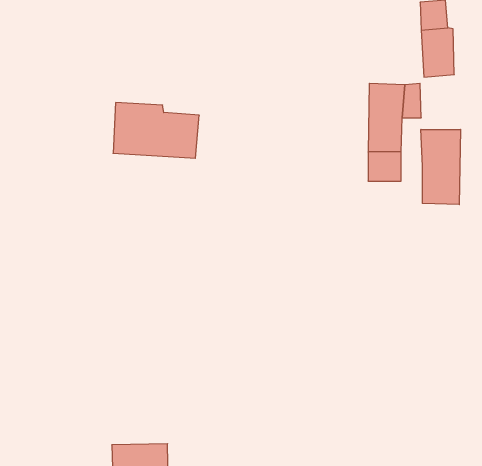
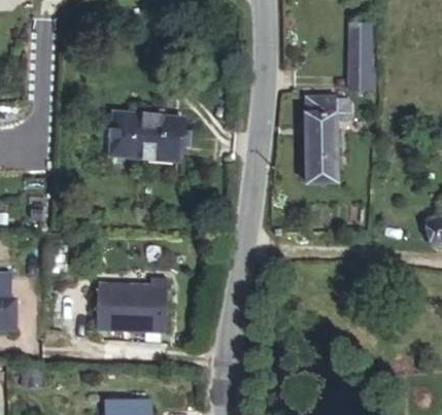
building: [421,129,461,205] -> none
building: none -> [93,282,164,336]

